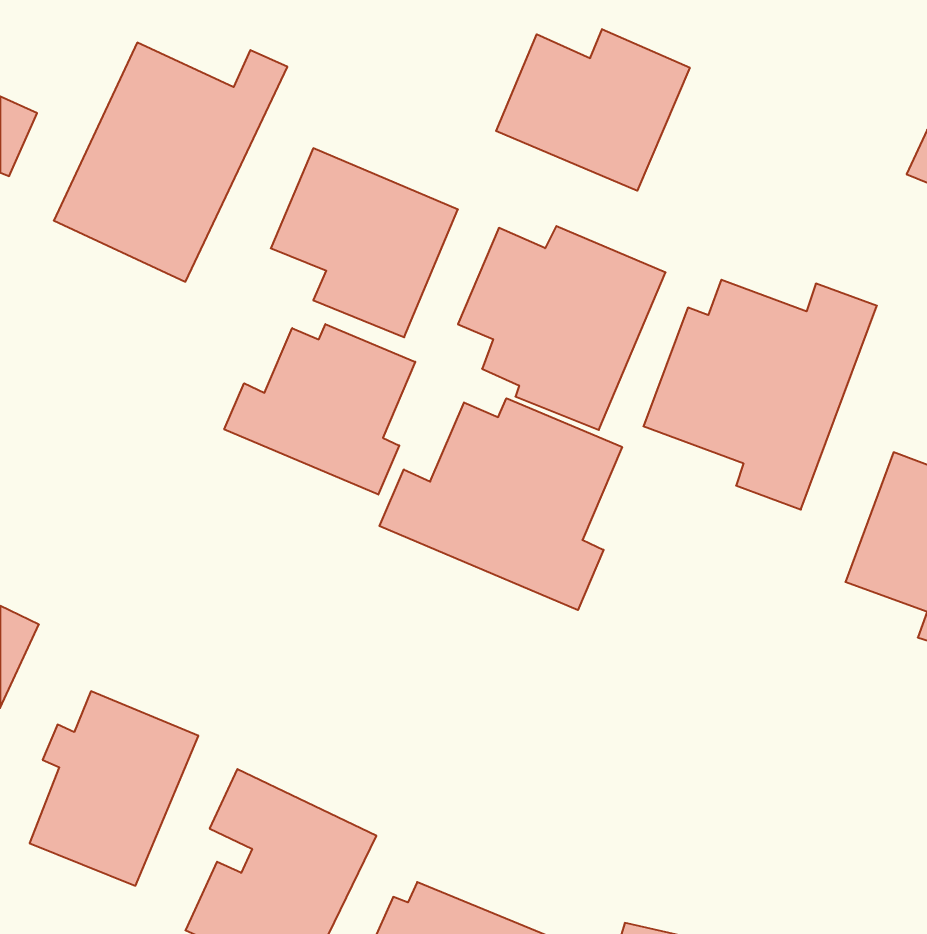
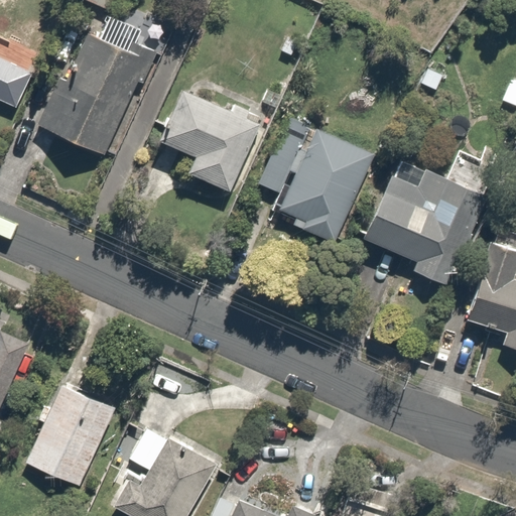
building: [496,29,690,191] -> none
building: [224,324,415,495] -> none
building: [379,398,622,610] -> none

